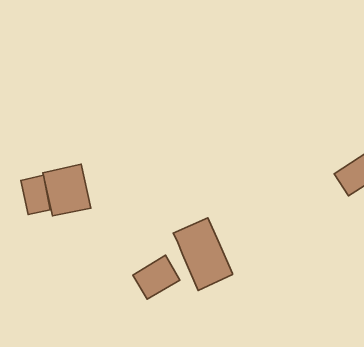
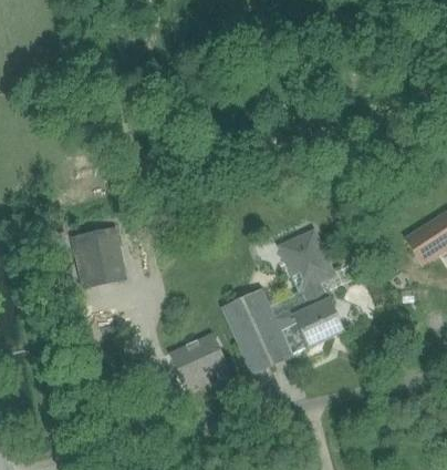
building: none -> [273,229,343,354]
building: [21,175,50,215] -> none

